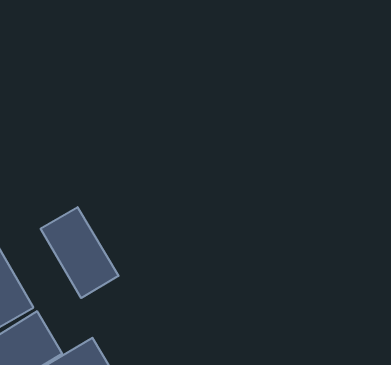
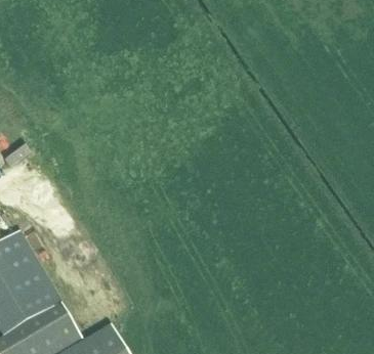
building: [41,207,119,298] -> none

